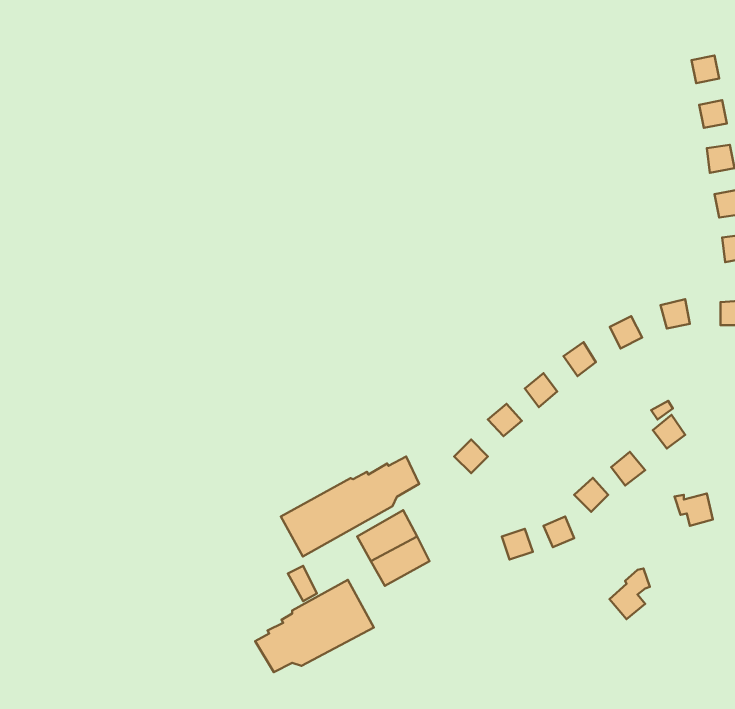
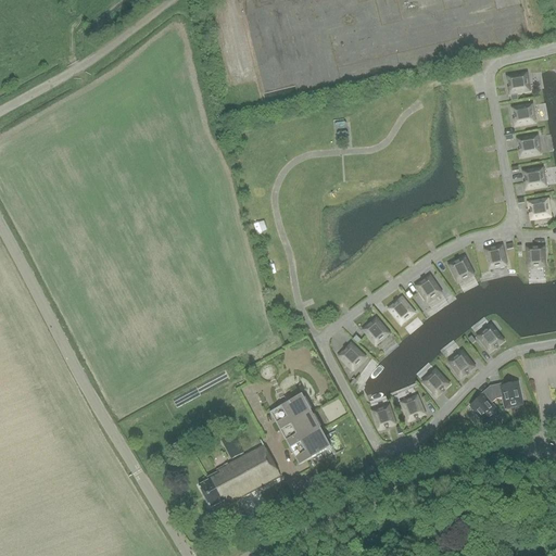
building: [281,456,419,557] -> none
building: none -> [291,428,332,463]
building: [610,568,650,619] -> [471,382,500,418]

